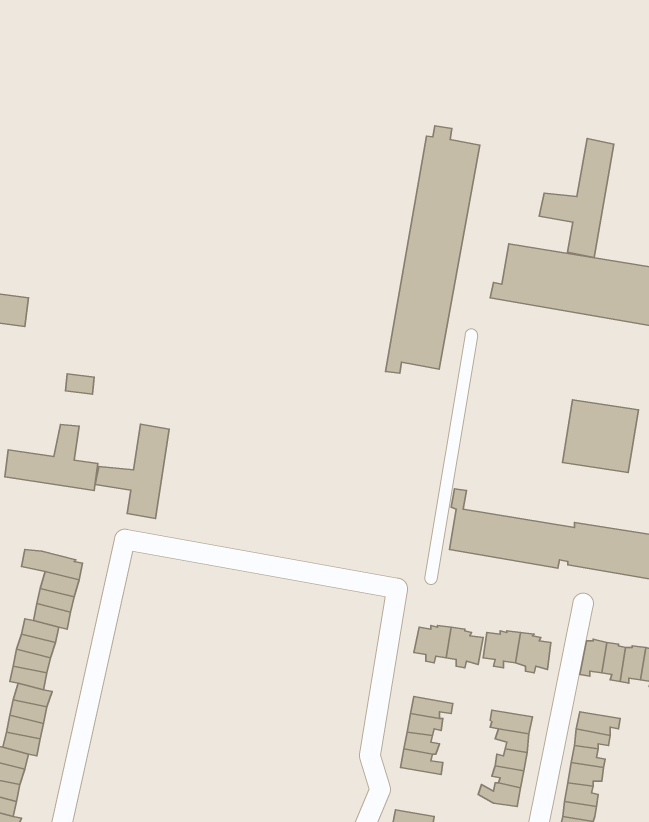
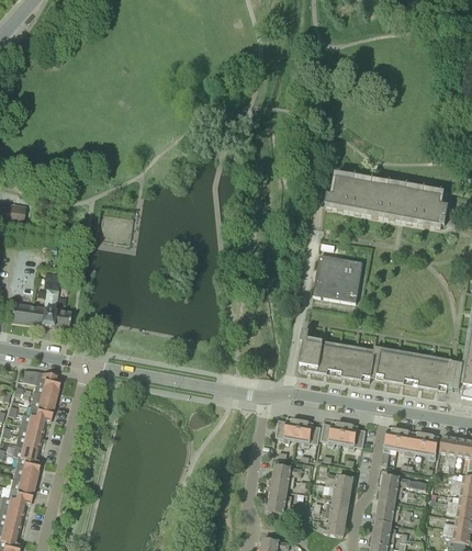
building: [385,126,480,373] -> none
building: [539,139,614,258] -> none
building: [562,400,638,473] -> [313,255,362,302]
building: [95,424,169,519] -> none

